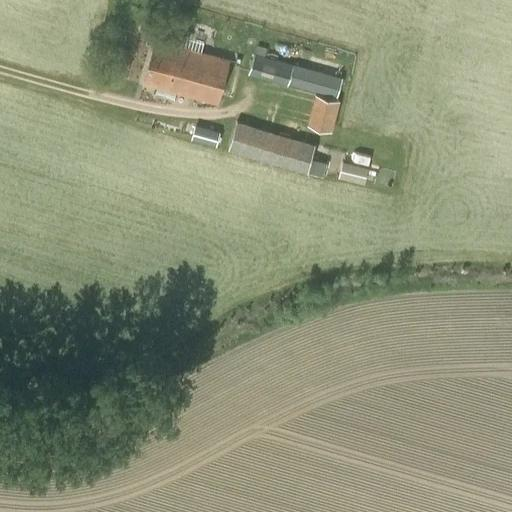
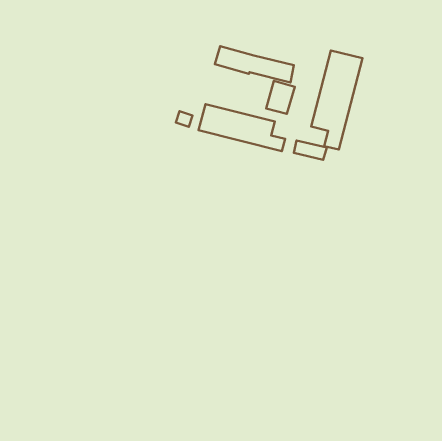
building: [145,43,229,105] -> none
building: none -> [311,51,363,149]

